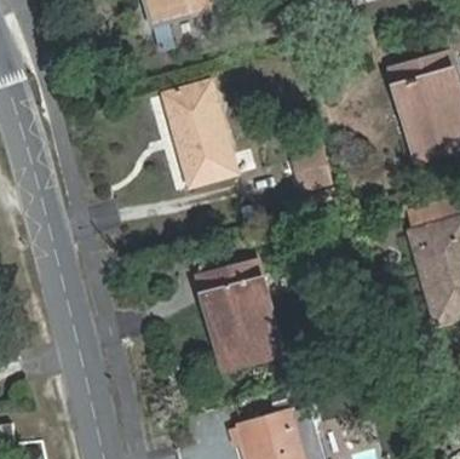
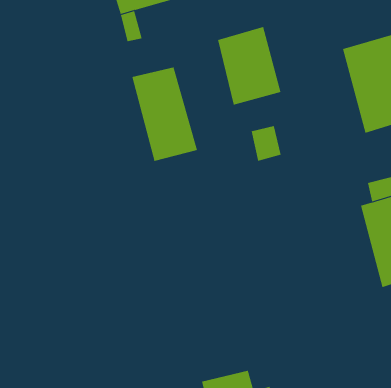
building: none -> [217,26,281,105]
building: [202,264,280,366] -> none

